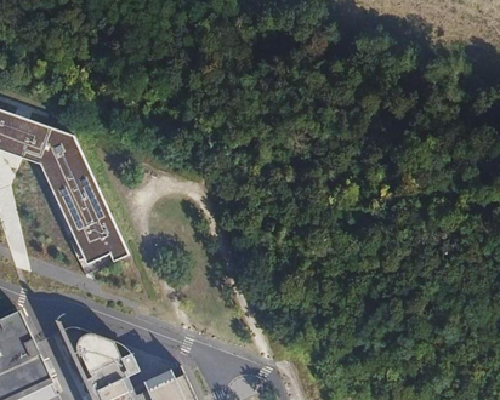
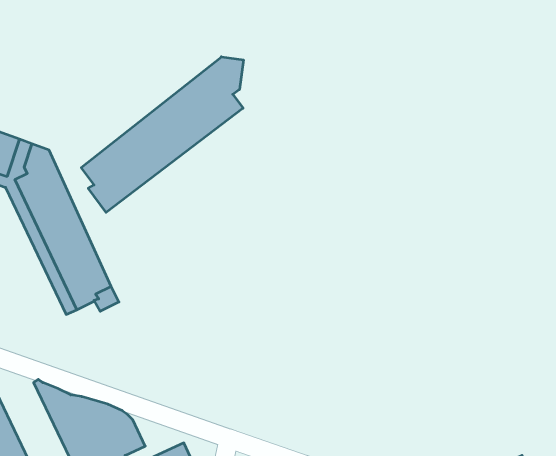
building: none -> [81,57,243,212]

